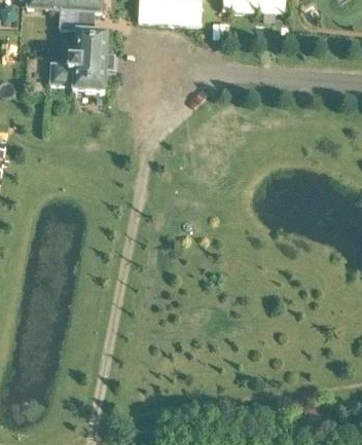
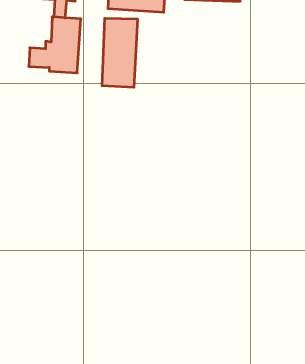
building: none -> [102,18,137,87]

